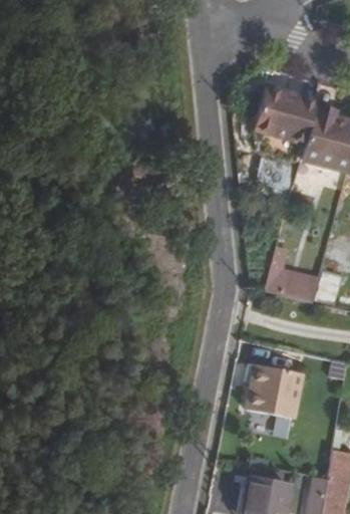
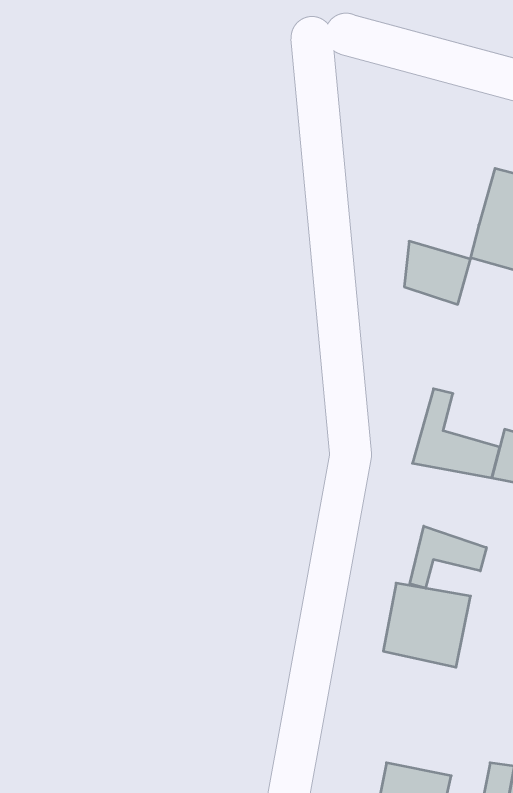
building: [253,87,317,144] -> none
building: none -> [410,526,486,588]

